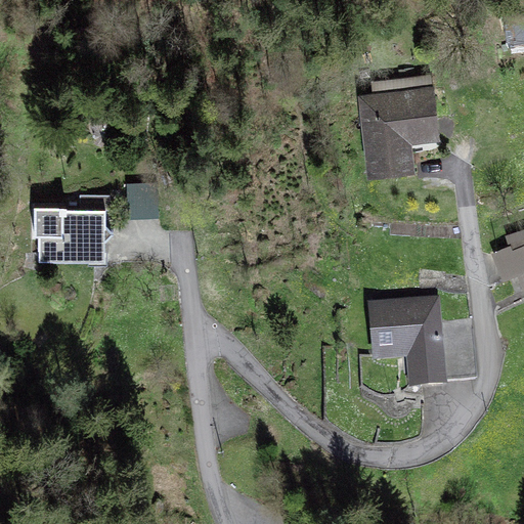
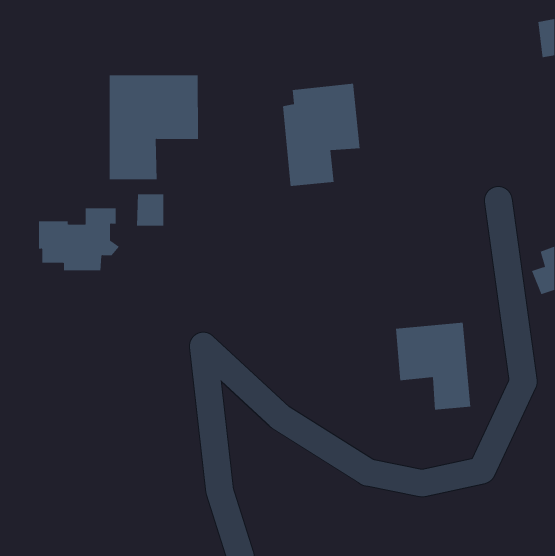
building: none -> [109,74,199,180]
building: [362,77,436,174] -> [282,83,360,187]

